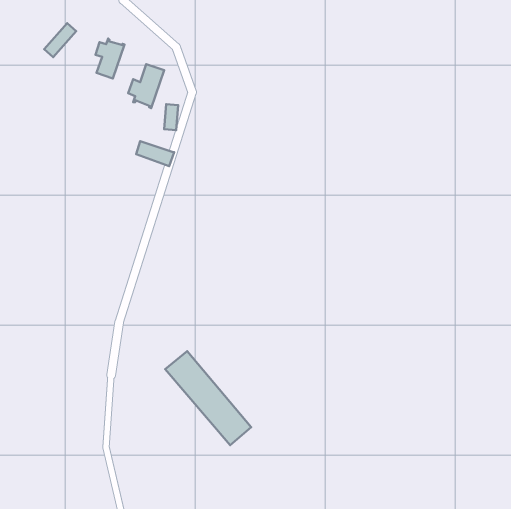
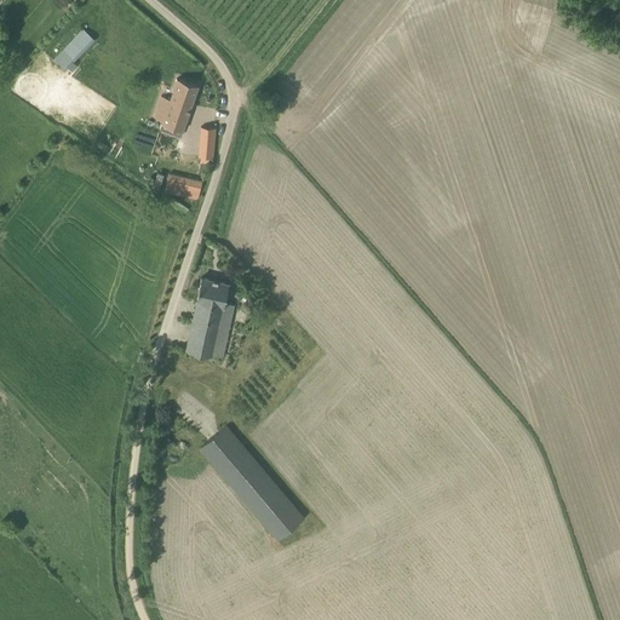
building: [95,39,125,79] -> none
building: none -> [185,279,234,360]

